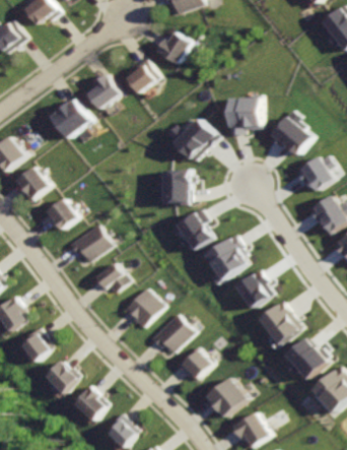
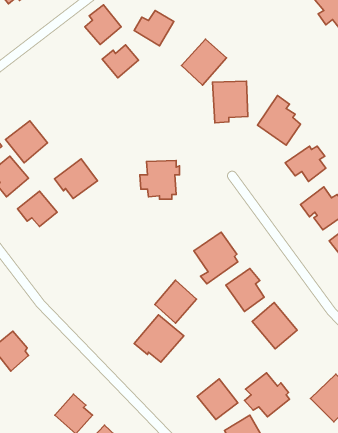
building: [85,73,119,110] -> [85,5,121,44]
building: [53,101,91,139] -> [6,121,47,163]
building: [174,119,215,162] -> [181,39,227,85]
building: [178,210,213,250] -> none
building: [72,228,112,264] -> [55,159,98,199]
building: [95,264,131,295] -> none
building: [125,290,163,329] -> [155,280,197,323]
building: [287,339,329,380] -> [244,373,290,417]
building: [180,346,216,383] -> none
building: [43,353,78,389] -> none

